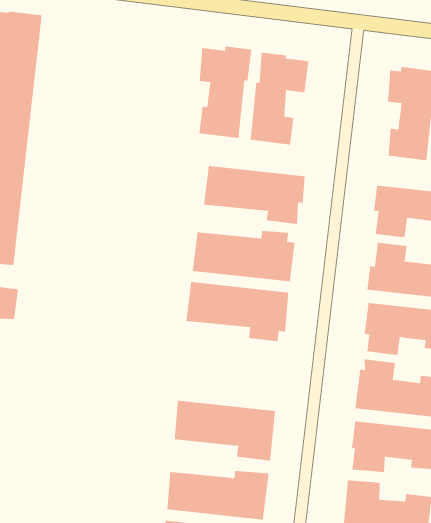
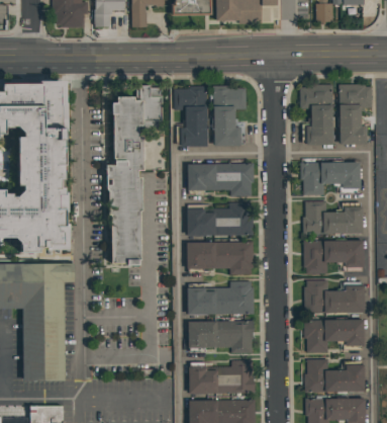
building: none -> [105,85,163,264]
building: none -> [187,281,254,315]

